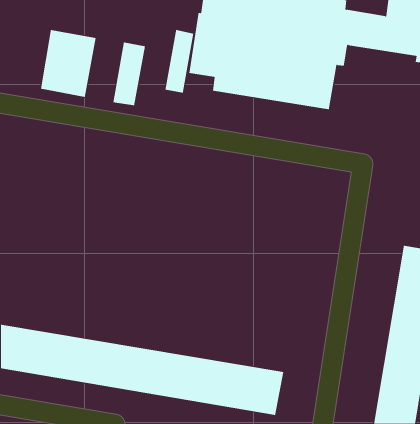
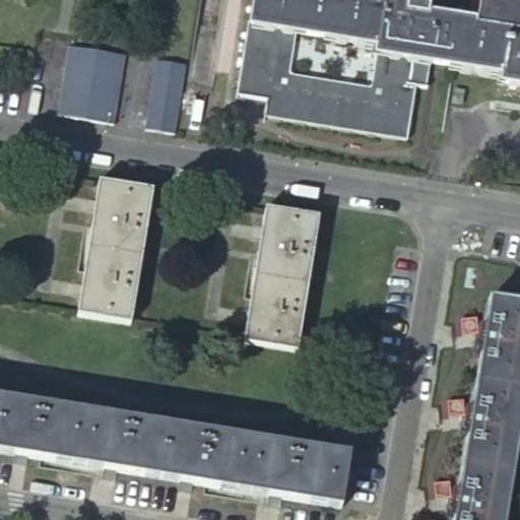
building: [165,29,194,93] -> none
building: none -> [76,173,153,318]
building: none -> [242,201,319,345]

